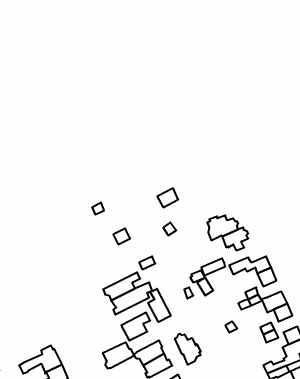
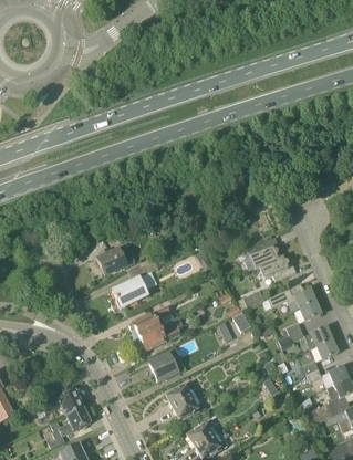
building: none -> [96,248,127,274]
building: none -> [113,274,148,309]
building: [148,289,171,322] -> none
building: [175,334,201,365] -> none
building: [103,342,134,369] -> none

